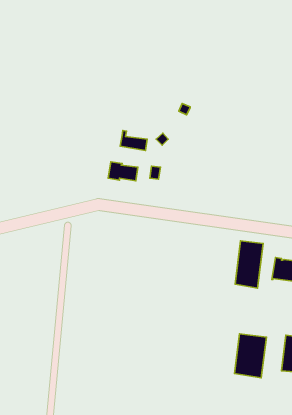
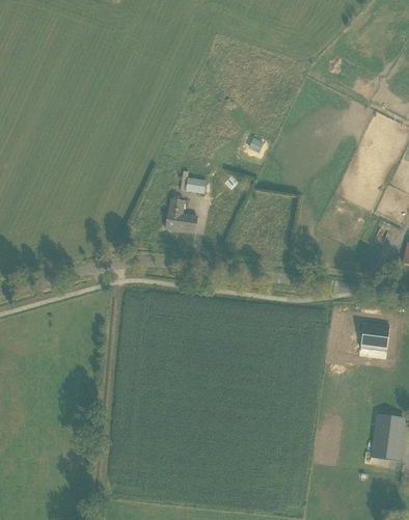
building: [235,241,263,288] -> none
building: [235,334,266,378] -> none

